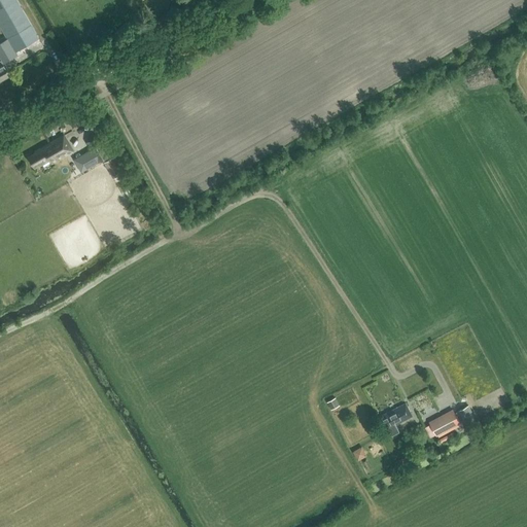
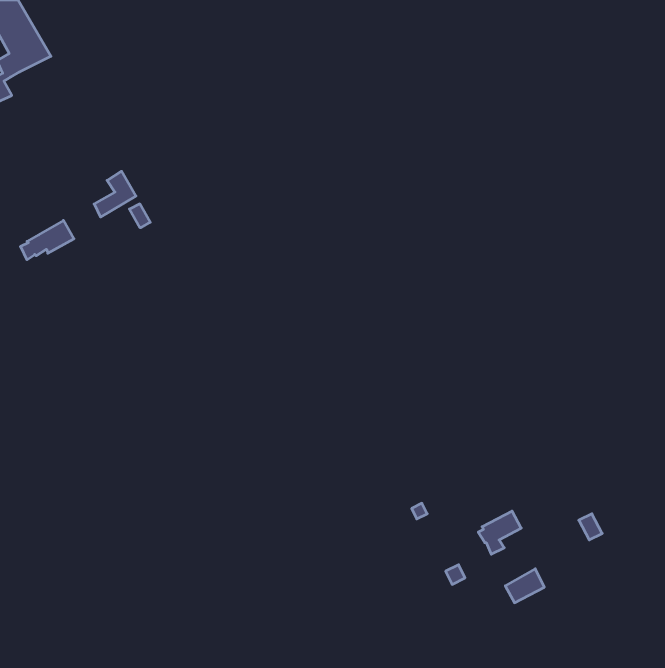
building: [28,136,70,167] -> [20,220,74,260]
building: [426,409,457,435] -> [505,569,544,603]

